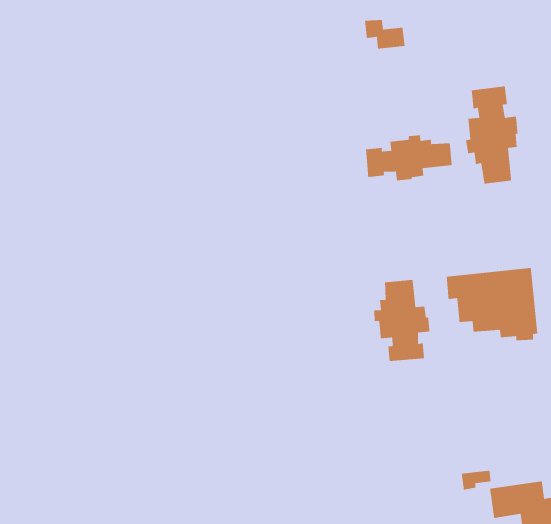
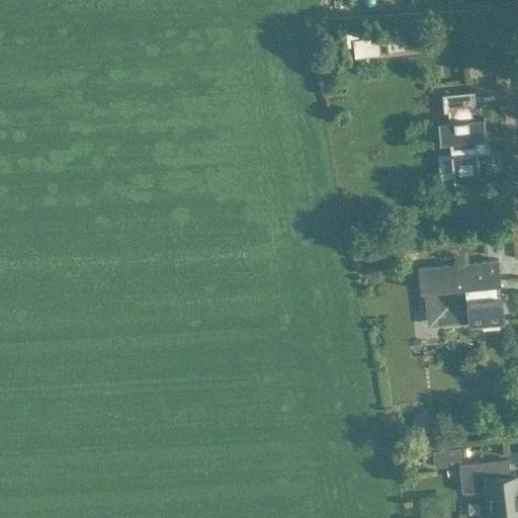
building: [365,135,454,181] -> none
building: [373,278,431,362] -> none

